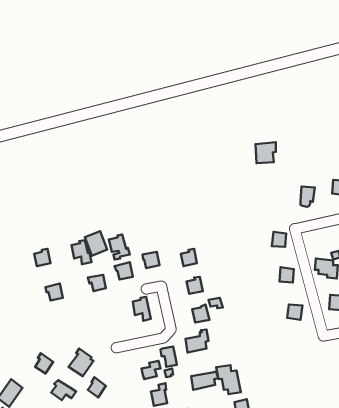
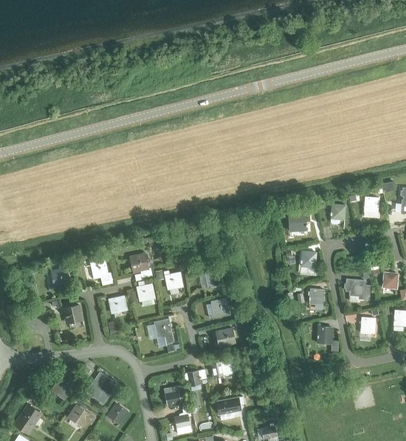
building: [256,142,276,163] -> [288,211,309,233]
building: [85,231,107,256] -> none
building: [216,365,241,394] -> none

